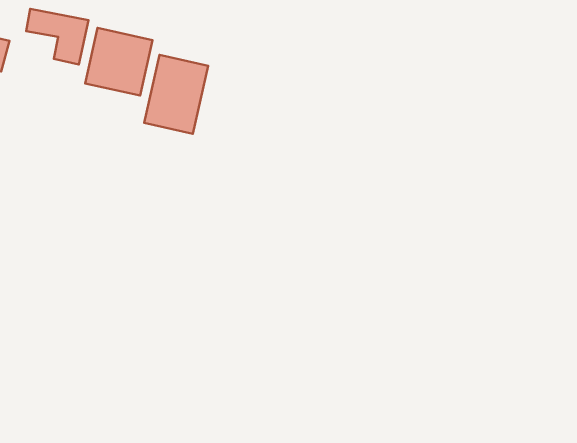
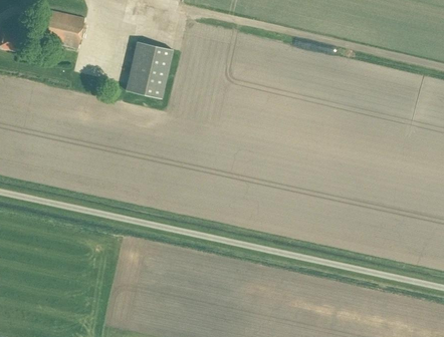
building: [85,28,153,96] -> none

